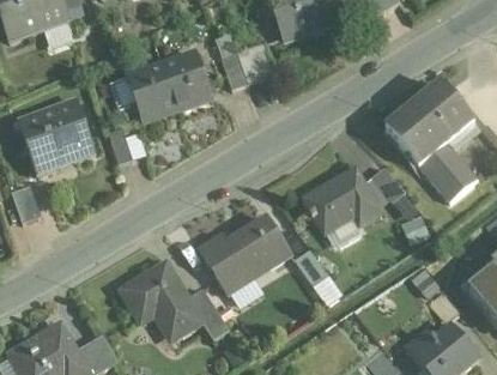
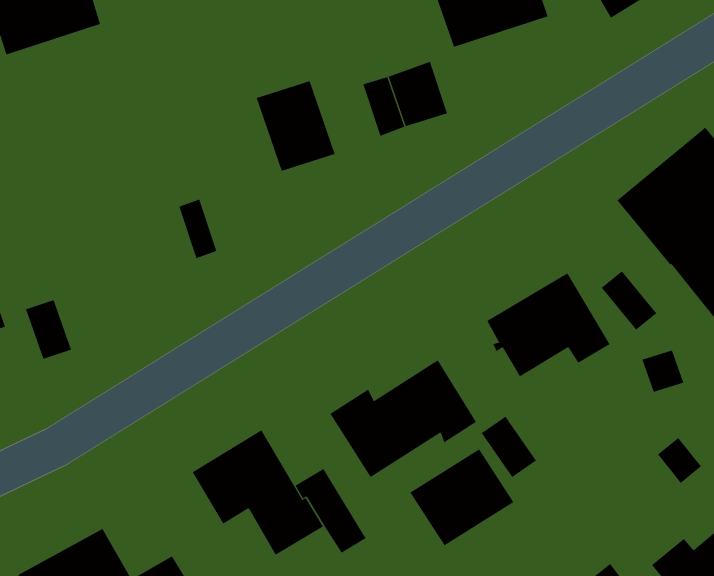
building: [126,62,176,120] -> none
building: [14,99,93,175] -> none
building: none -> [409,448,514,546]

